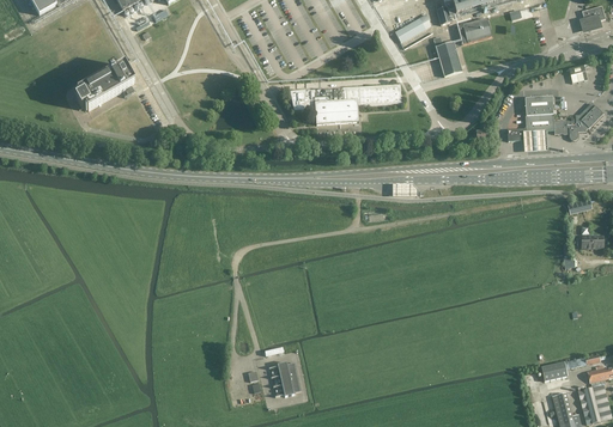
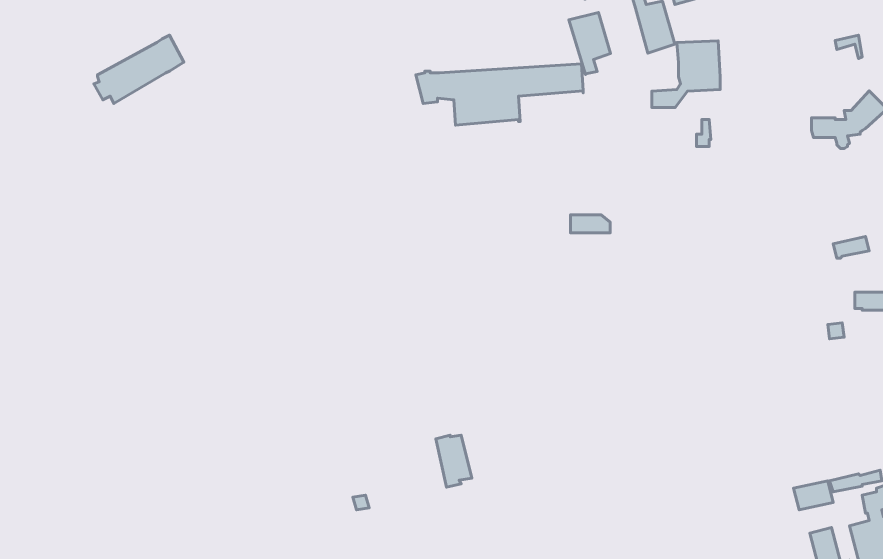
building: none -> [569,12,610,75]
building: [506,94,552,139] -> [652,41,720,107]
building: [277,360,301,395] -> [436,435,472,487]

